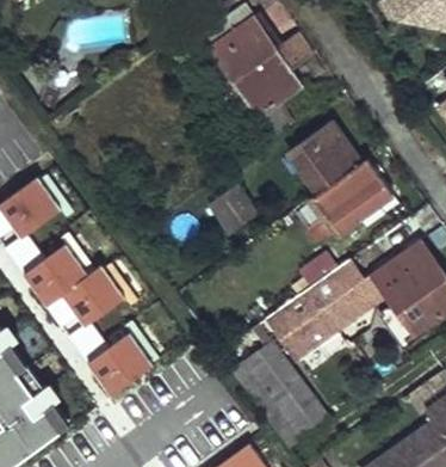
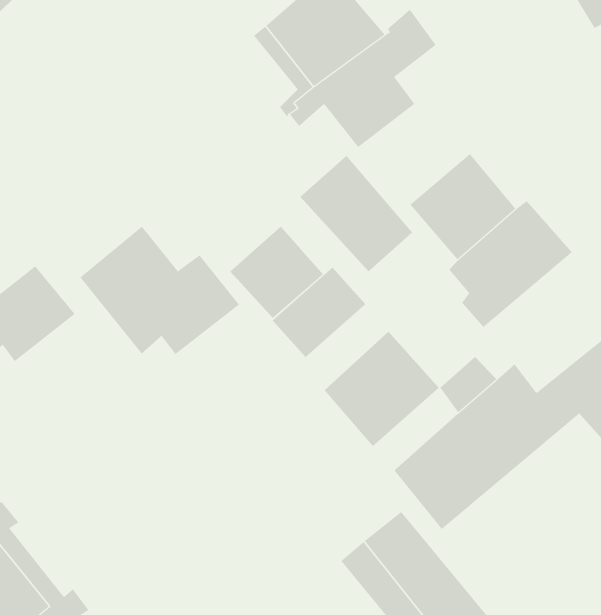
building: none -> [299,155,413,272]
building: none -> [230,226,324,319]
building: none -> [324,331,440,447]
building: [27,245,129,328] -> [80,226,240,355]
building: [91,333,157,397] -> none

